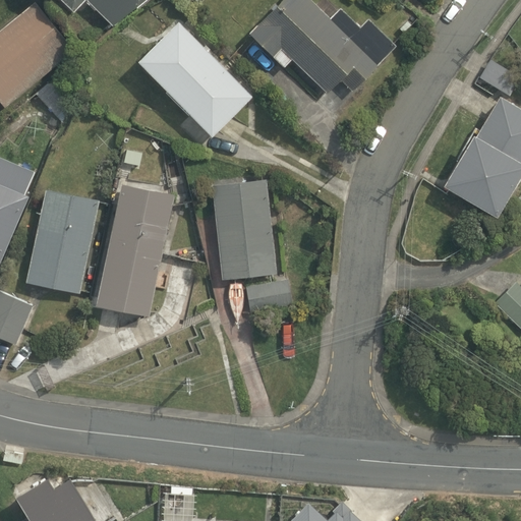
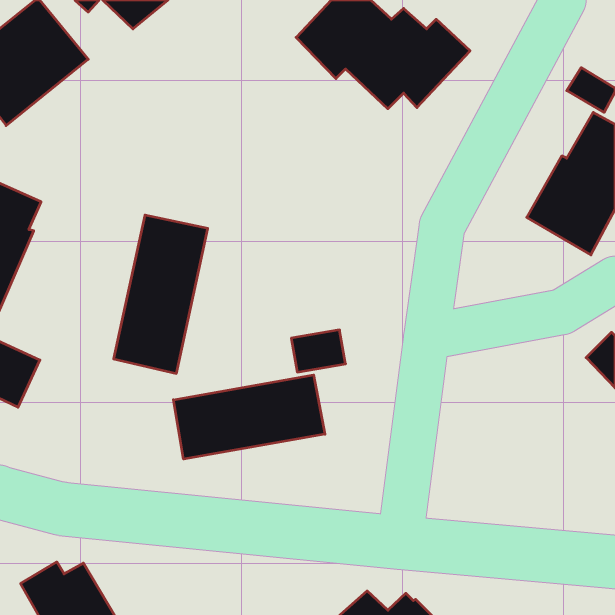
building: [138,20,252,137] -> none
building: [212,179,276,280] -> none
building: [25,189,99,293] -> none
building: none -> [173,375,325,459]

